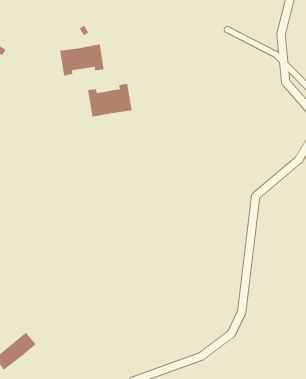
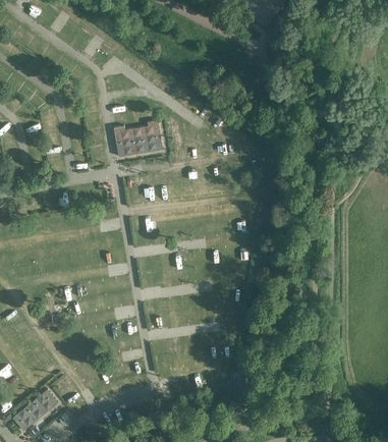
building: [60,43,104,77] -> none

